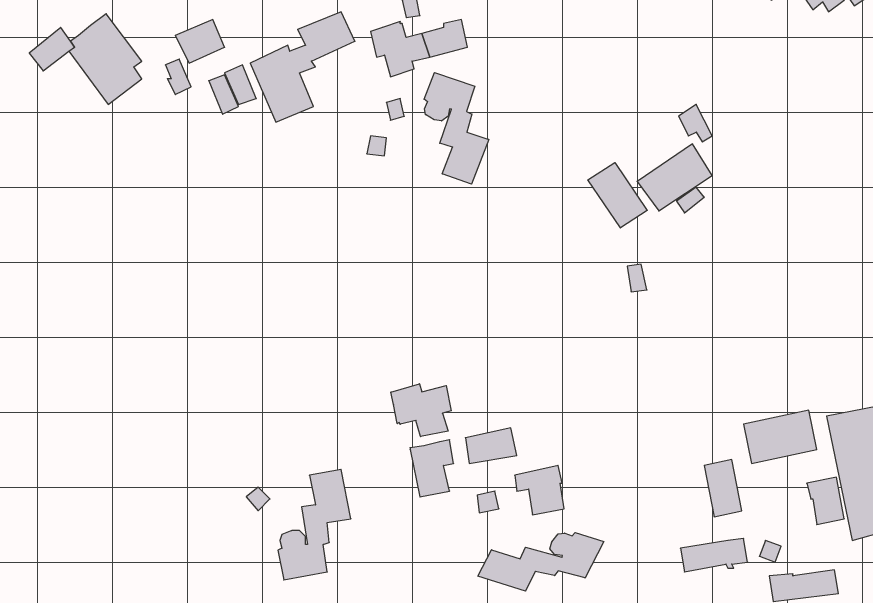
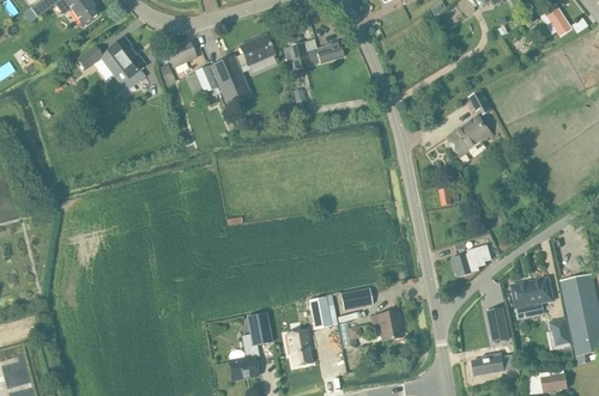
building: [424,73,489,184] -> none
building: [588,163,647,228] -> none
building: none -> [452,243,491,276]
building: [391,384,451,437] -> none
building: none -> [285,329,311,365]
building: [478,533,604,591] -> none

